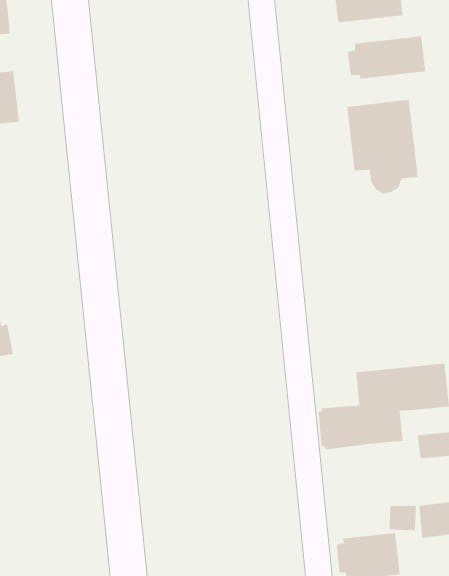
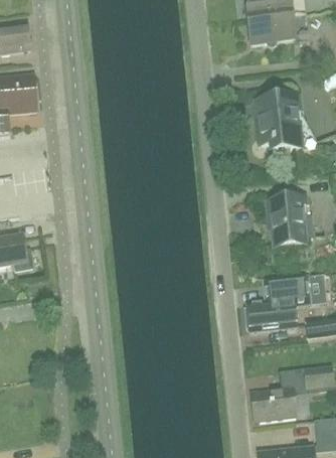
building: [347,36,426,80] -> none
building: none -> [267,196,309,245]

